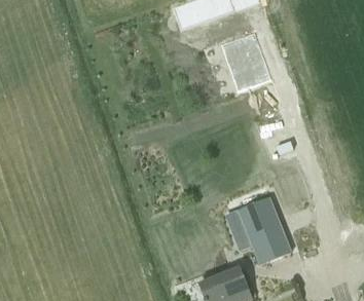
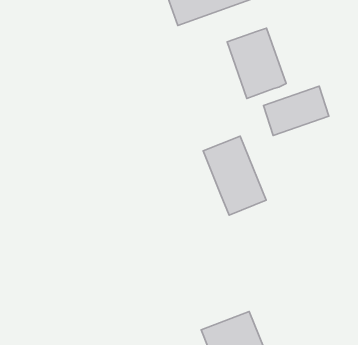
building: none -> [263,86,329,135]
building: [238,198,290,264] -> [203,136,266,215]

